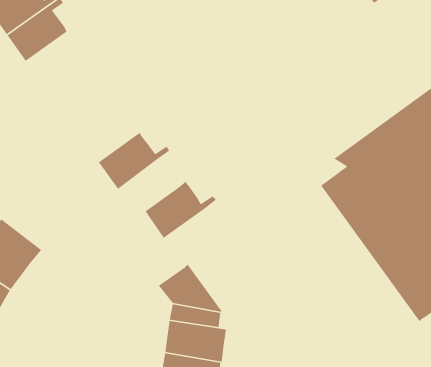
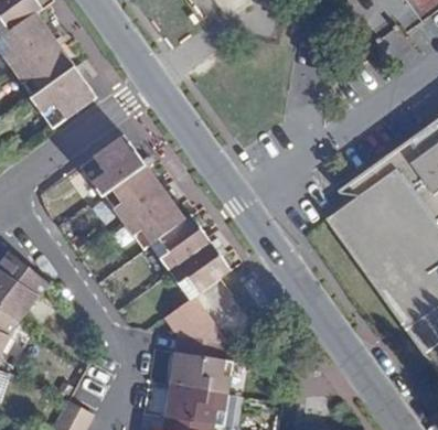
building: none -> [30,58,96,128]
building: none -> [79,136,157,197]
building: none -> [124,184,184,249]
building: none -> [169,233,231,299]

